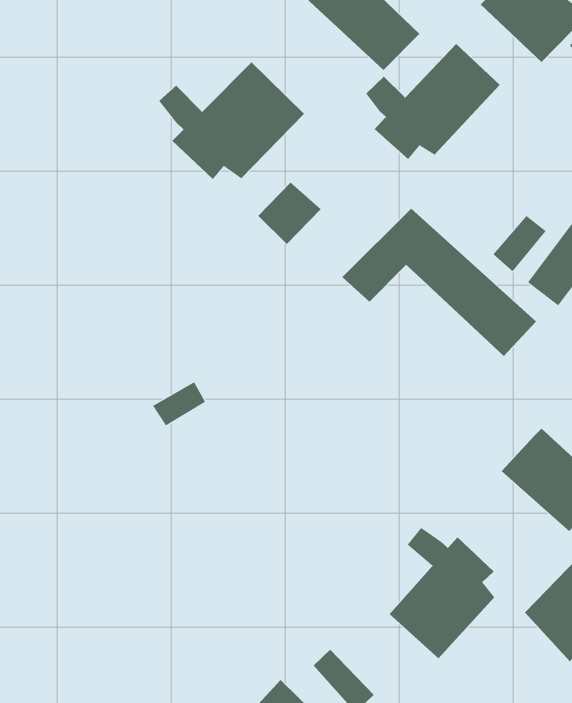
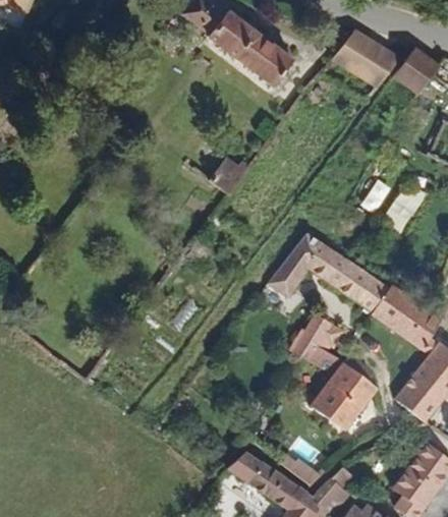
building: [366,43,500,160] -> none
building: [158,61,305,180] -> none
building: [342,208,537,357] -> [270,234,389,317]
building: none -> [291,314,334,362]

